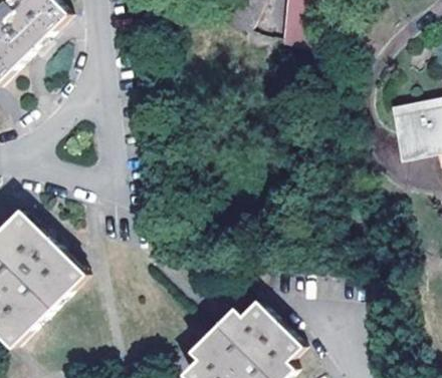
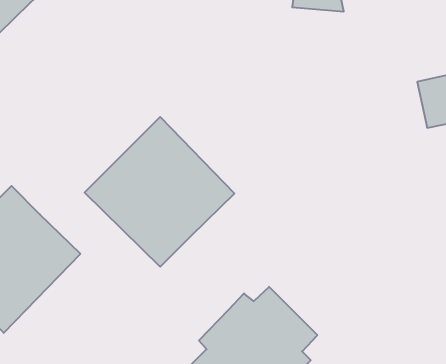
building: none -> [85,117,234,267]

